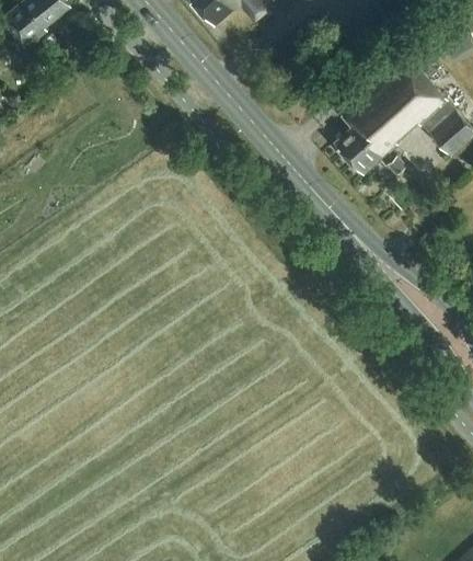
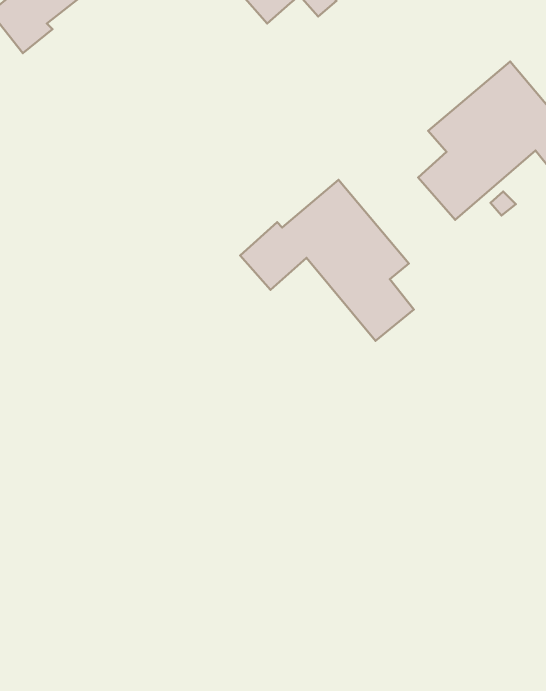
building: none -> [240,180,414,341]

